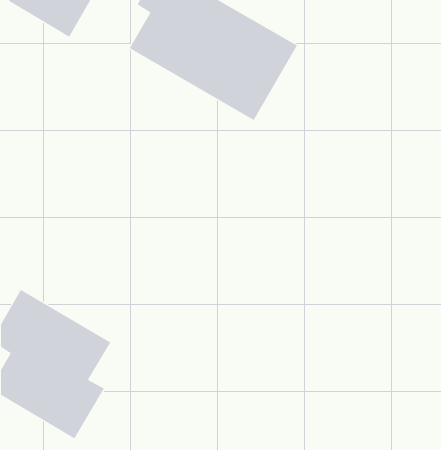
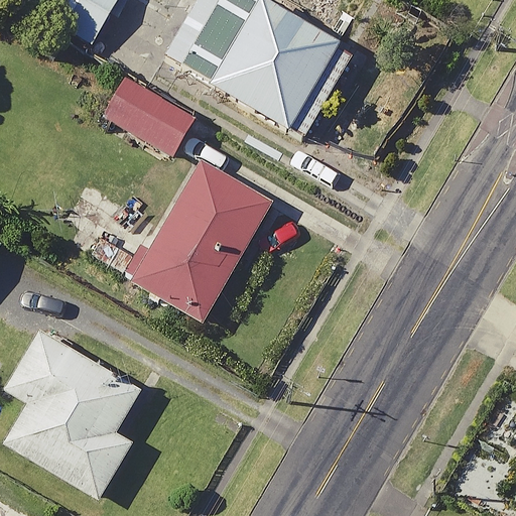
building: none -> [102,77,195,153]
building: none -> [133,163,270,319]

